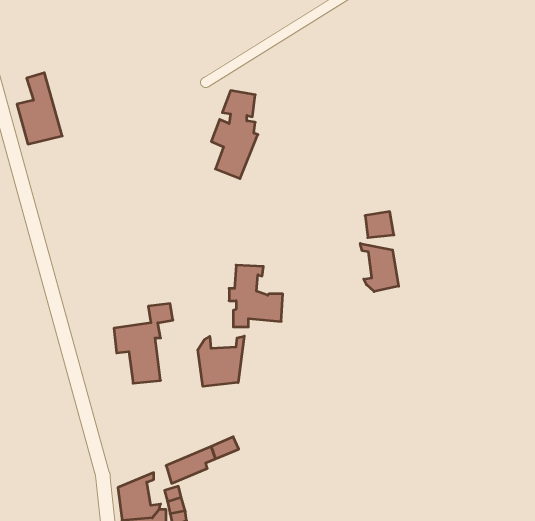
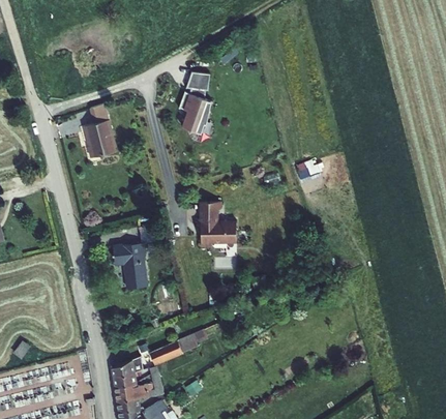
building: [17,73,62,144] -> [82,107,116,160]
building: [360,243,399,292] -> none
building: [198,336,244,386] -> none

